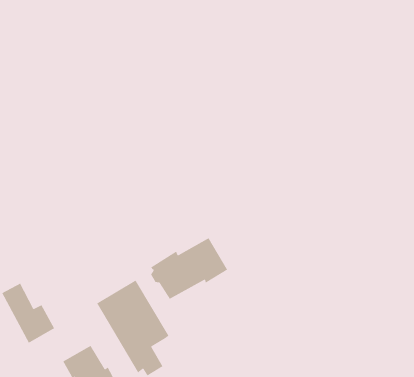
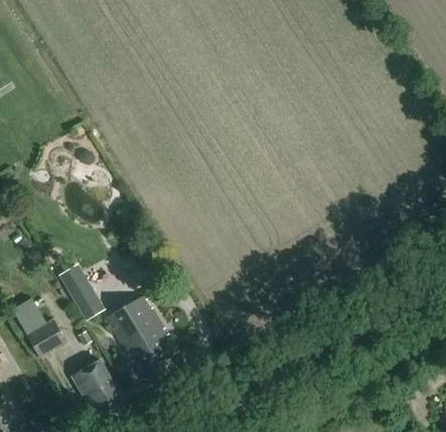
building: [150,237,228,300] -> none
building: none -> [56,263,103,319]

